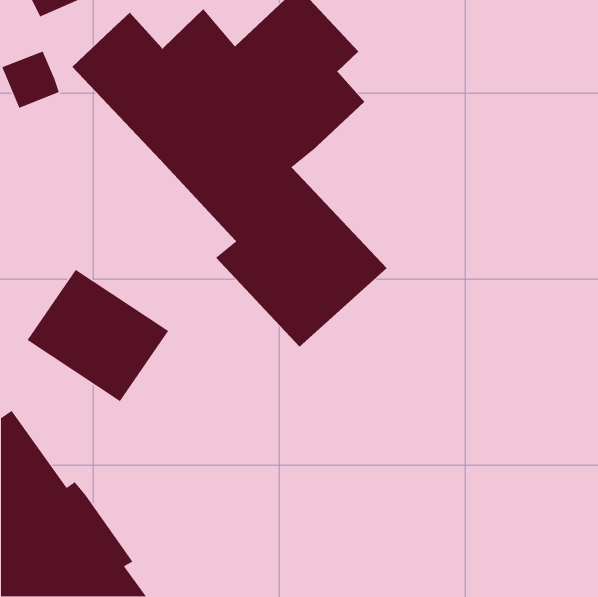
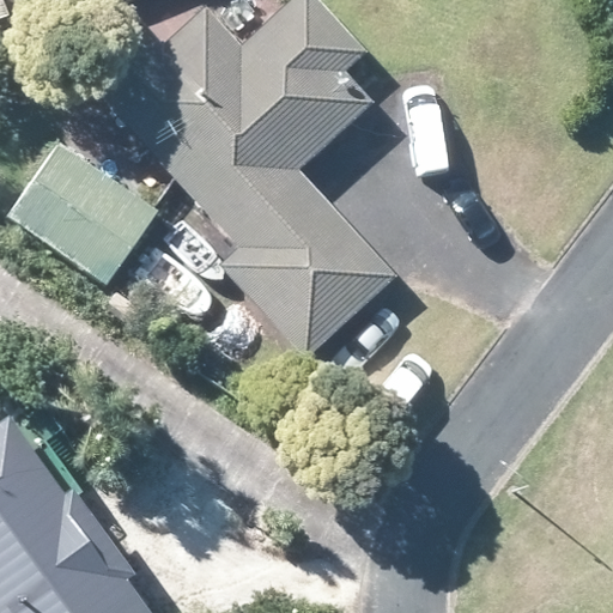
building: [26,269,169,402] -> [11,146,157,283]

